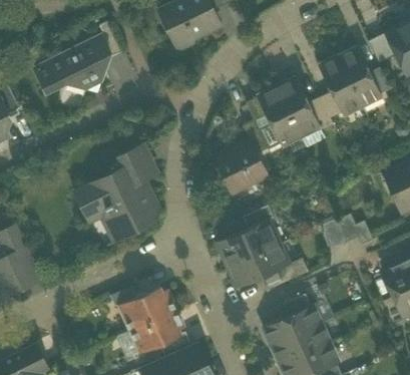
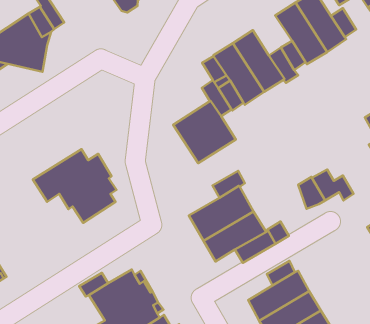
building: [119,146,152,181] -> none

